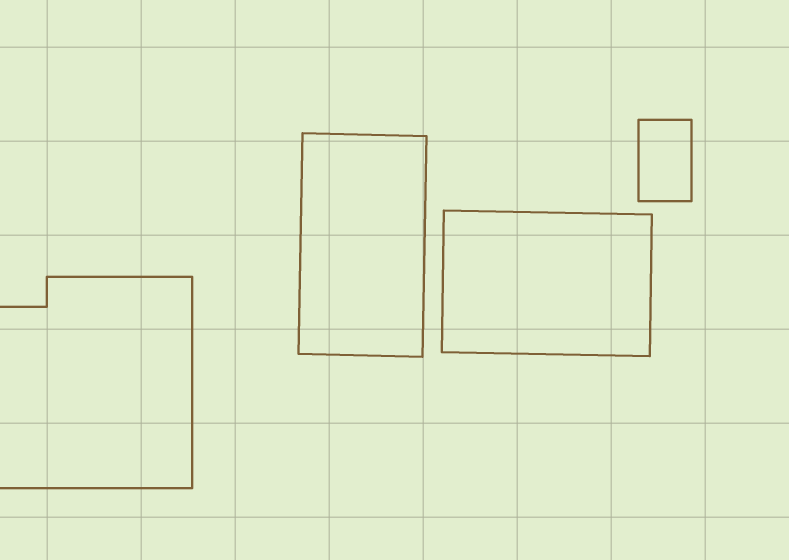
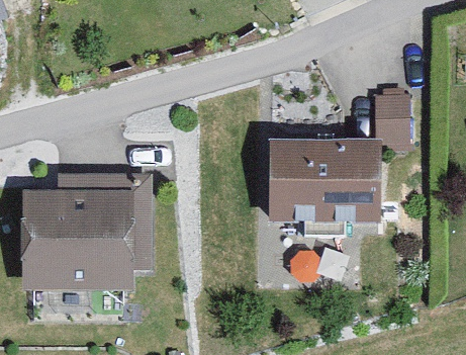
building: [299,133,427,357] -> none

